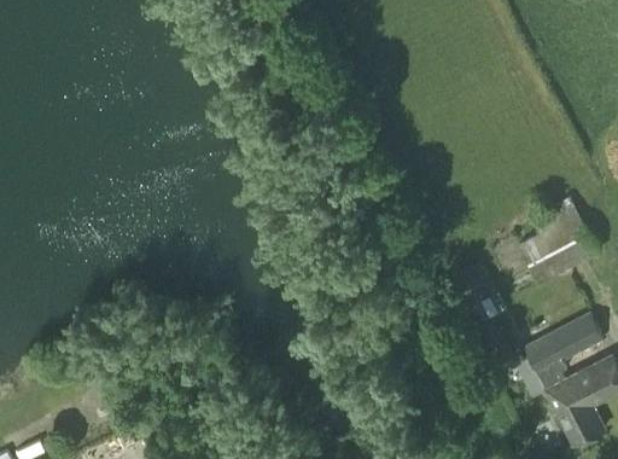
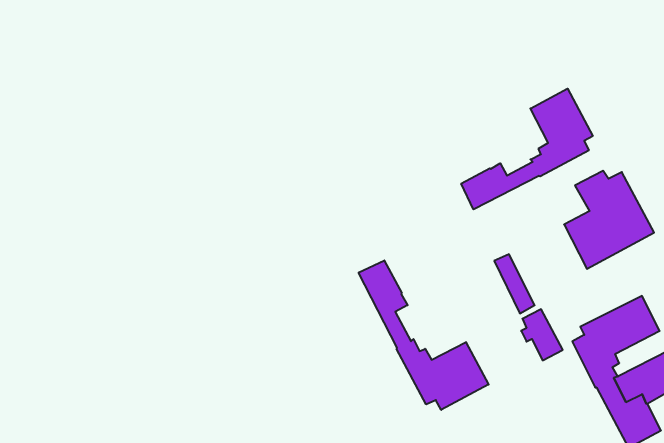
building: none -> [461,89,593,209]
building: none -> [359,260,489,410]

